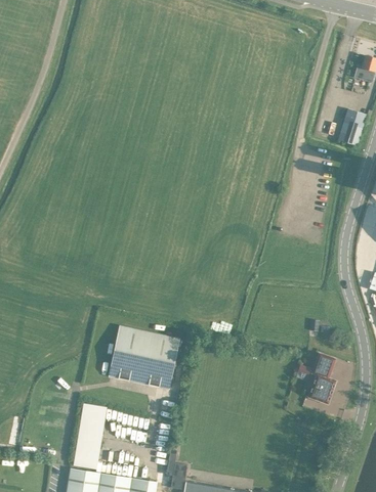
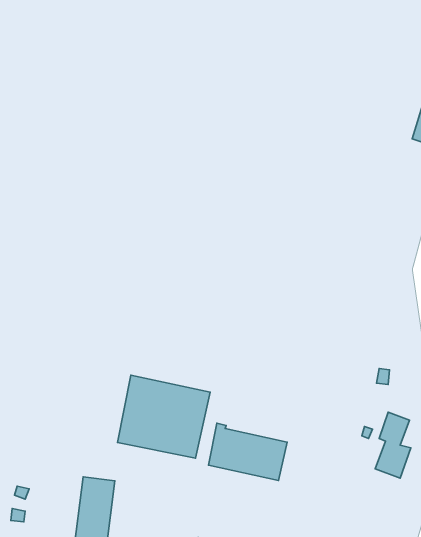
building: none -> [208,423,287,480]

